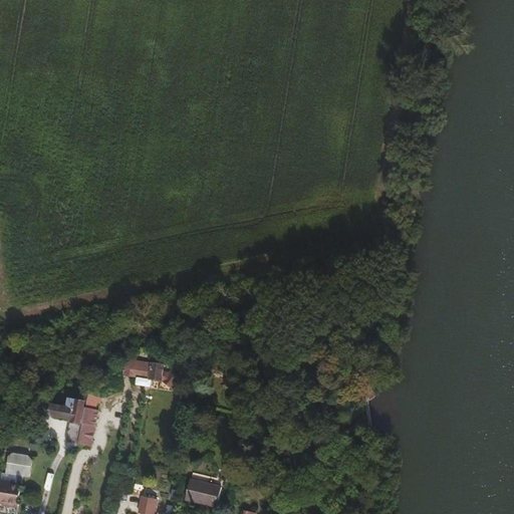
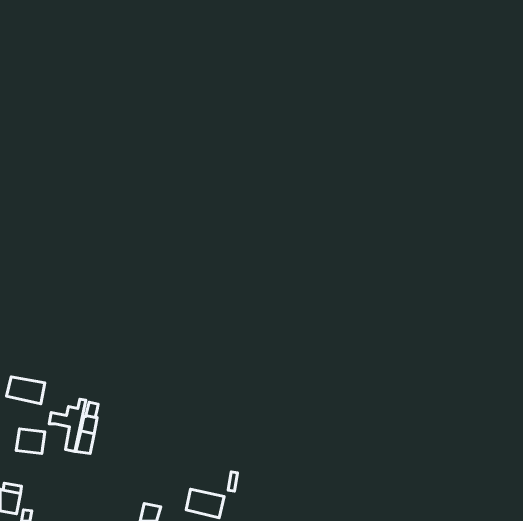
building: [122,360,178,388] -> none
building: none -> [6,377,45,404]
building: [5,450,33,474] -> [16,429,45,453]

